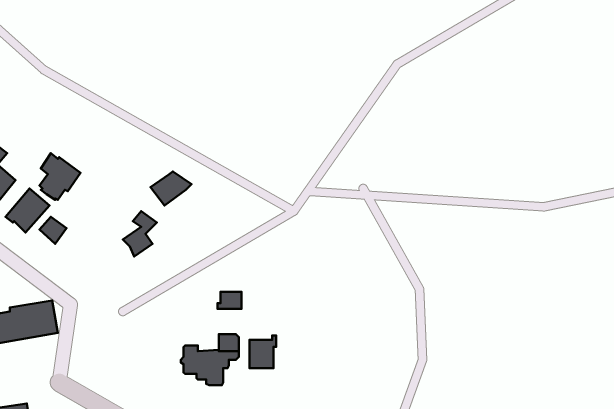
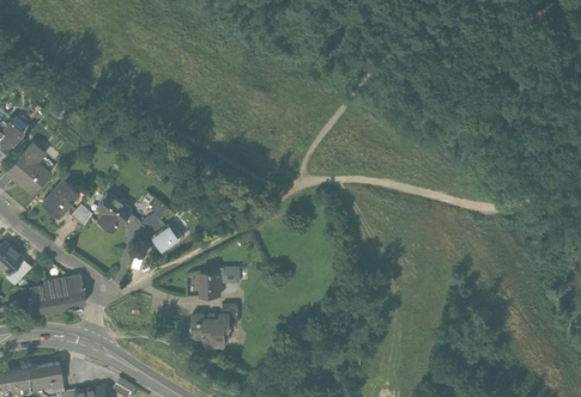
building: [40,153,80,200] -> [96,193,131,232]
building: [150,172,191,205] -> [150,224,184,252]
building: [249,336,276,368] -> [200,267,223,294]

